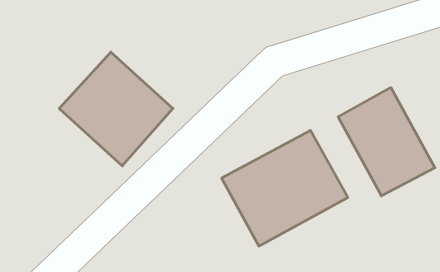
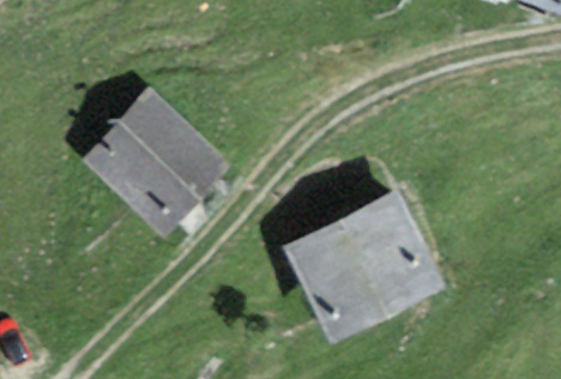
building: [338,88,435,196] -> none

